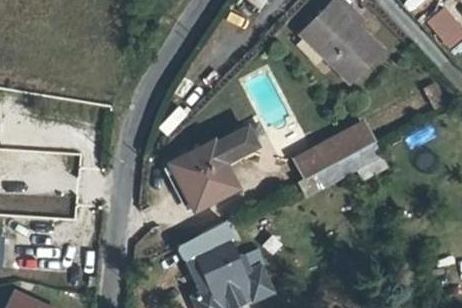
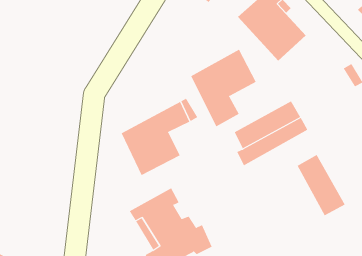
building: none -> [190,49,256,127]
building: none -> [297,154,345,216]

